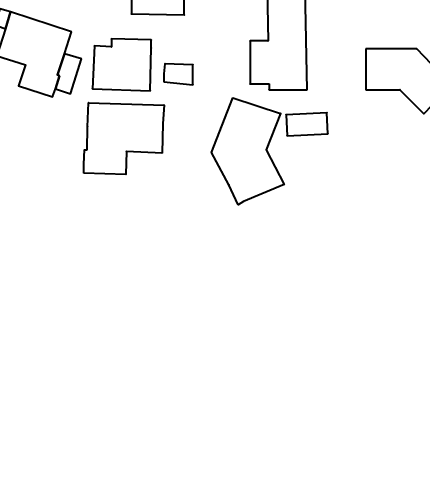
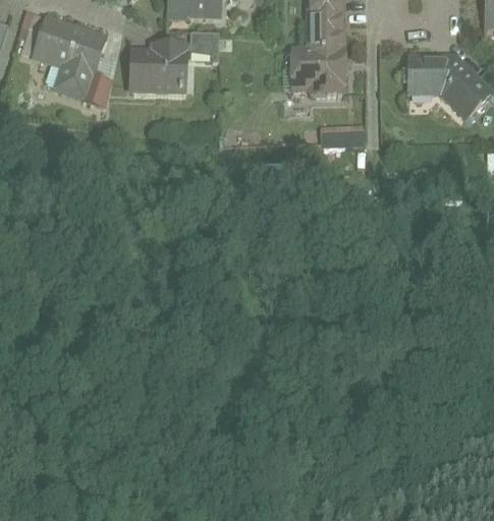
building: [164,64,193,85] -> [187,34,217,55]
building: [212,98,284,205] -> none
building: [84,103,164,174] -> none

